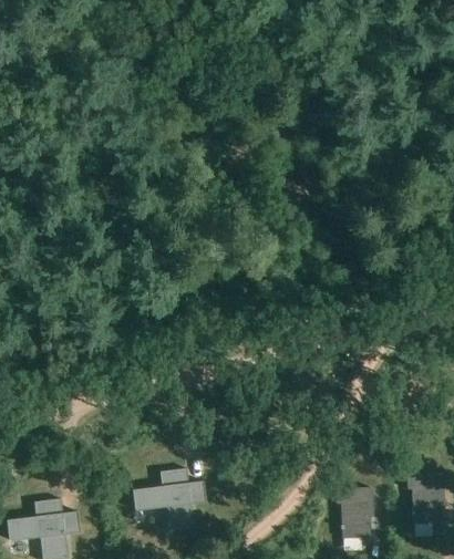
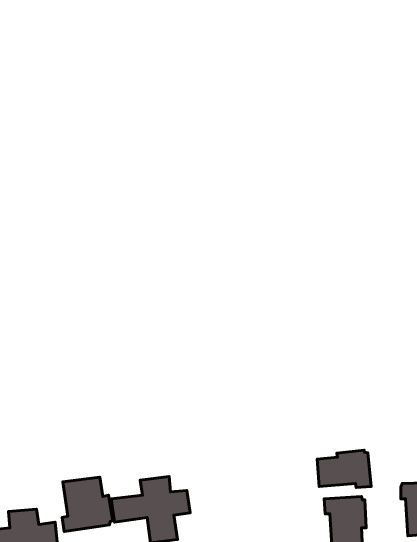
building: none -> [317,450,371,488]
building: none -> [62,477,113,531]

